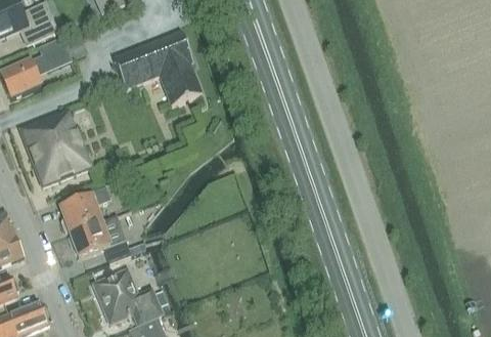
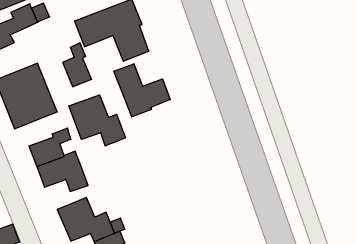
building: none -> [63,43,92,87]
building: none -> [114,64,170,117]
building: none -> [69,95,125,146]

